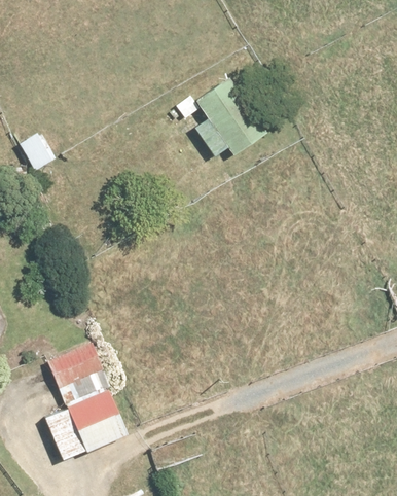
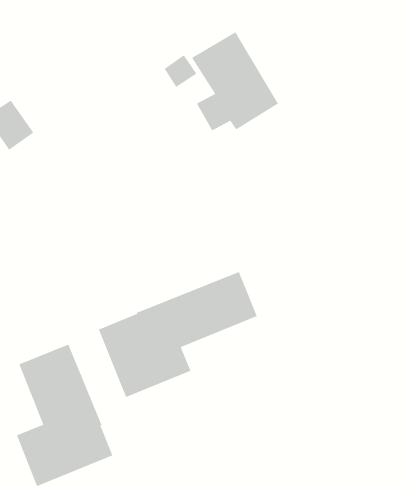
building: none -> [98,271,258,398]

